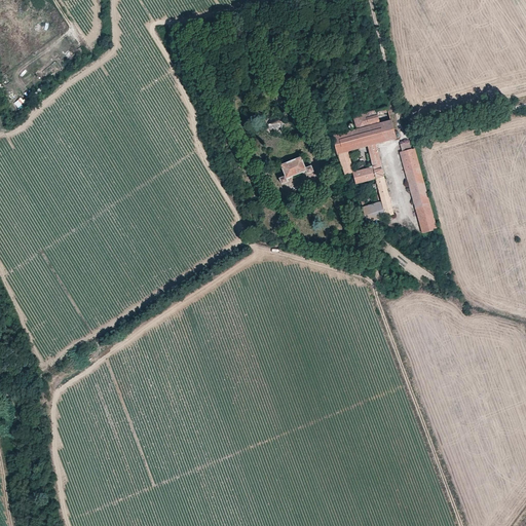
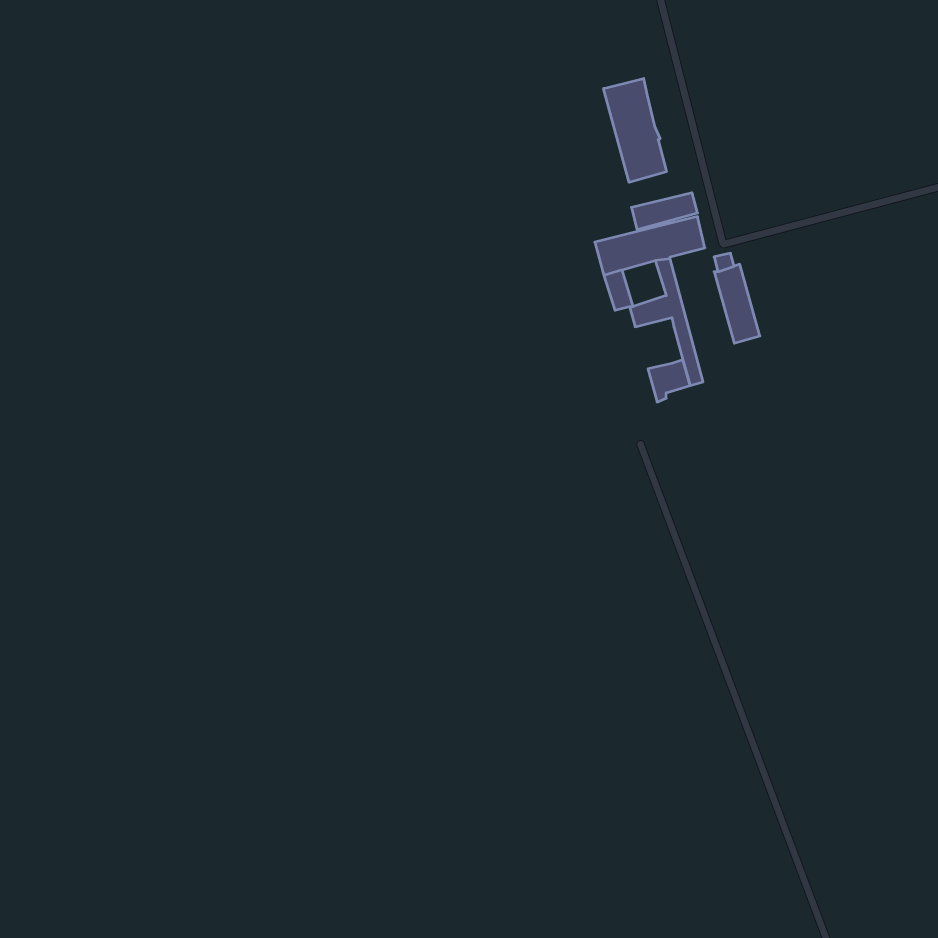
building: none -> [604,78,666,182]
building: [278,157,313,184] -> none
building: [411,188,437,233] -> none

